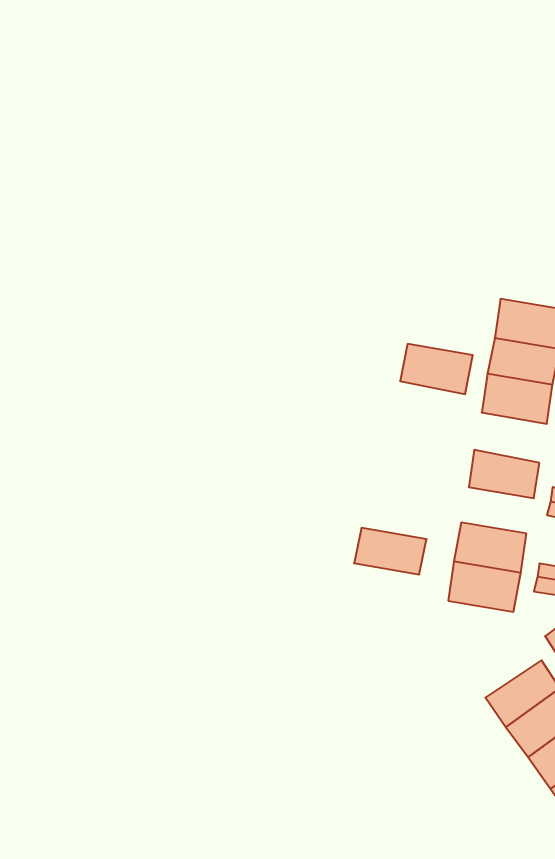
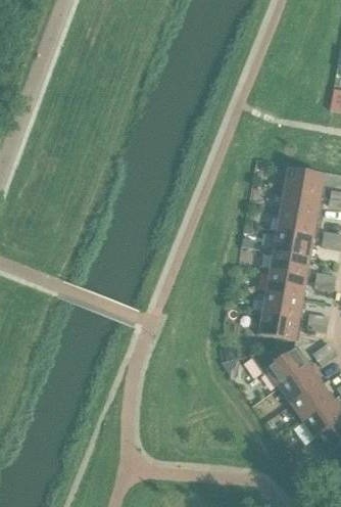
building: [400,344,473,394] -> [273,230,312,258]
building: [354,528,427,574] -> [265,271,305,296]
building: none -> [265,347,309,386]

